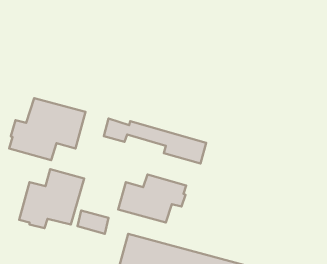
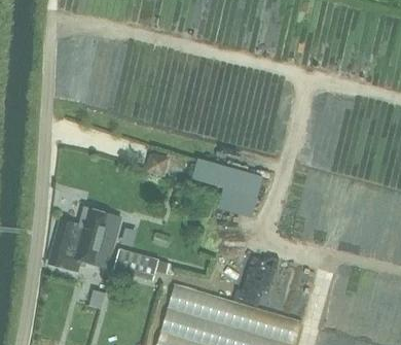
building: [9,98,86,160] -> none
building: [118,175,186,222] -> none

